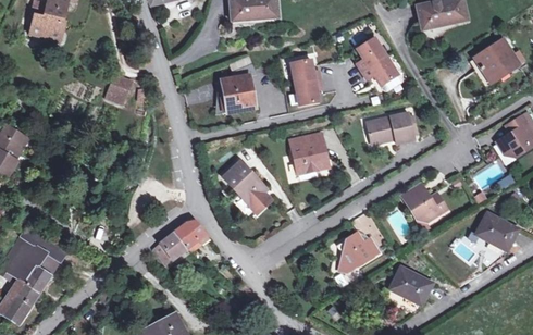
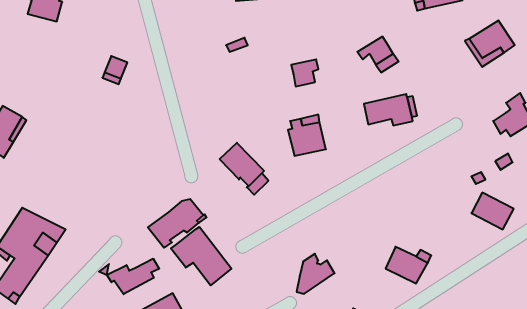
building: [356,36,386,71] -> none
building: [290,60,320,84] -> none
building: [221,75,255,112] -> none
building: [401,182,445,220] -> none
building: [338,229,376,270] -> [297,254,335,294]
building: none -> [171,227,231,285]
building: none -> [107,259,159,294]

